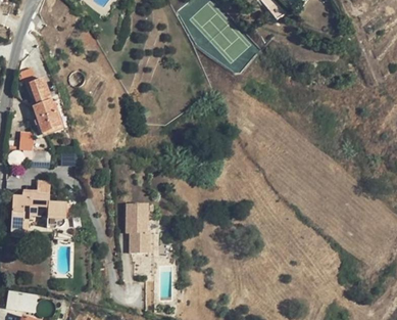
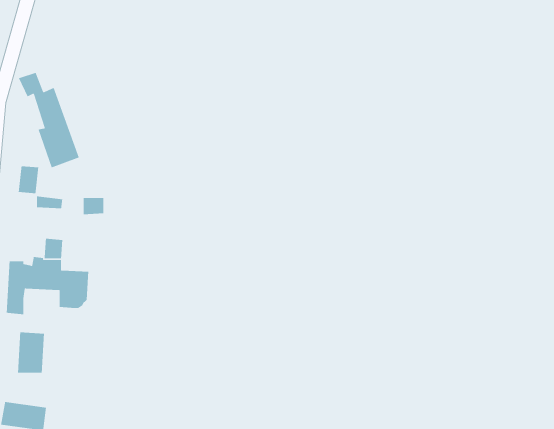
building: [126,202,149,252] -> none
building: none -> [17,331,45,374]

